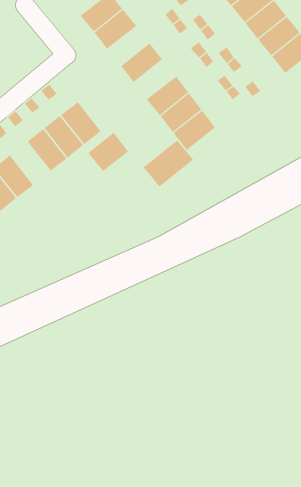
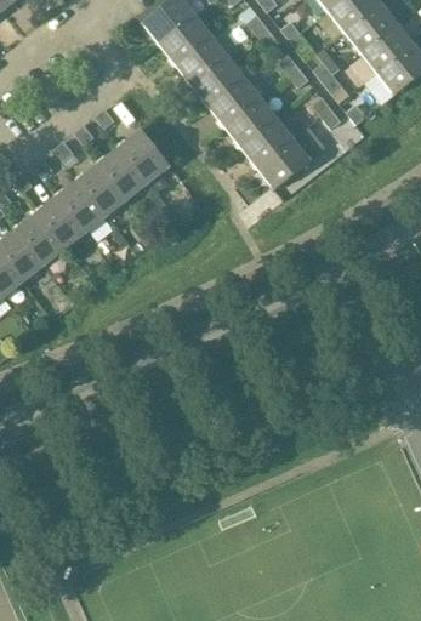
building: none -> [175,35,228,85]
building: none -> [207,76,261,126]
building: [88,132,129,172] -> none
building: [143,140,194,188] -> none
building: none -> [56,178,106,232]

